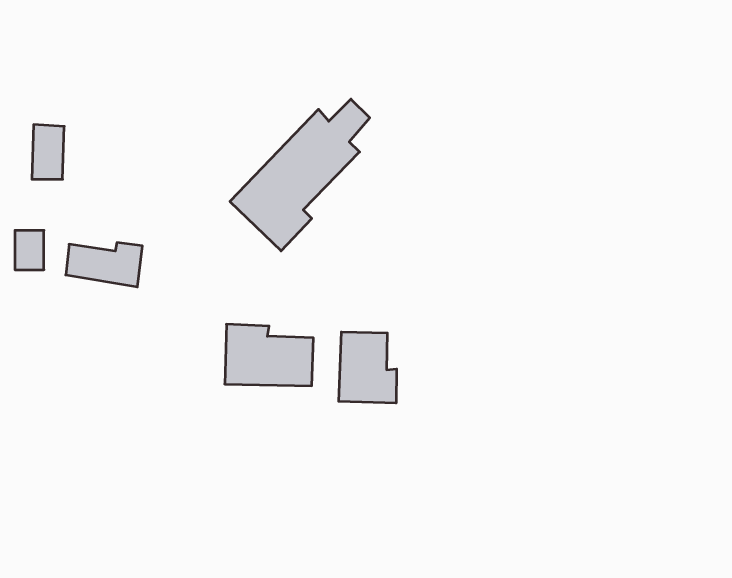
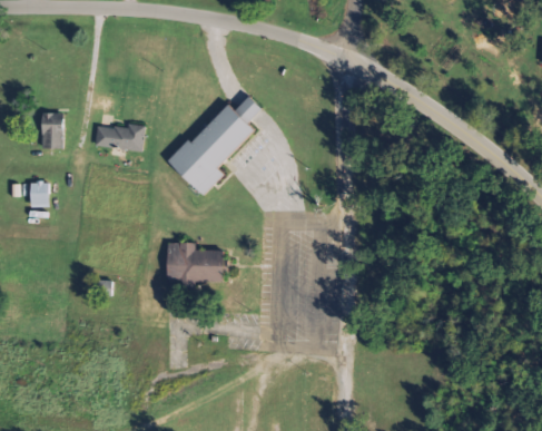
building: [66,243,142,287] -> [95,124,145,153]
building: [339,332,397,403] -> none

